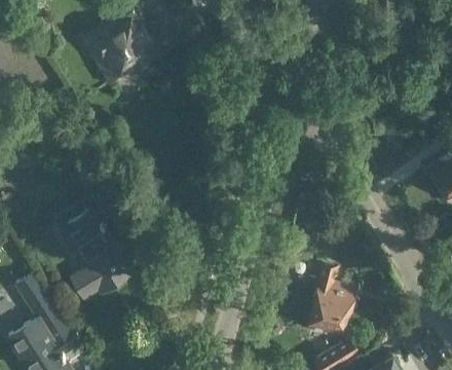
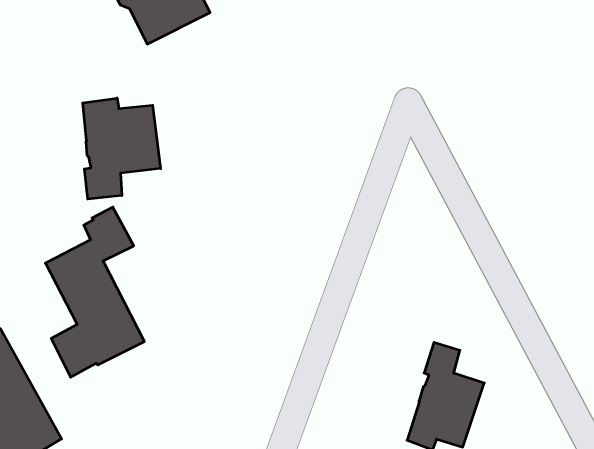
building: none -> [83,98,161,199]

